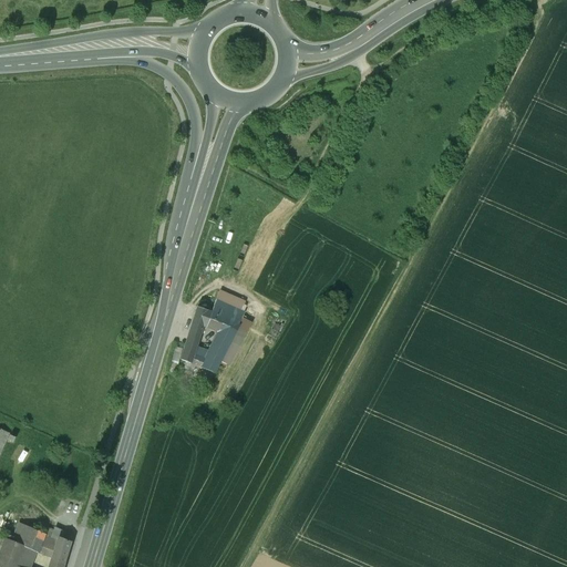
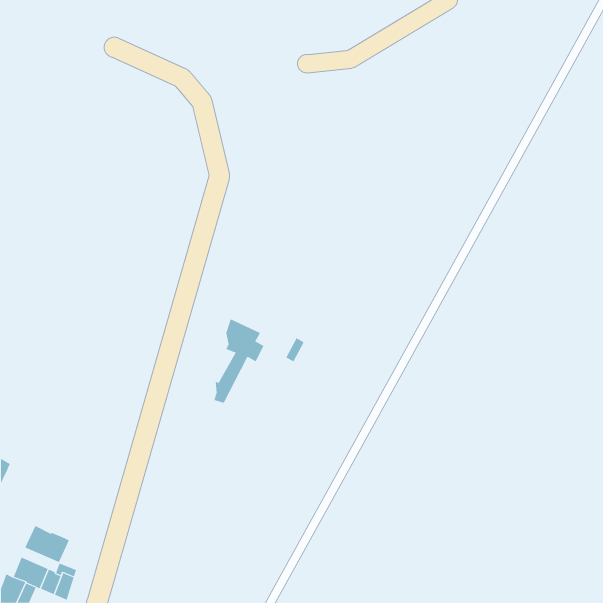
building: [181,307,214,372] -> none
building: none -> [25,525,69,563]

